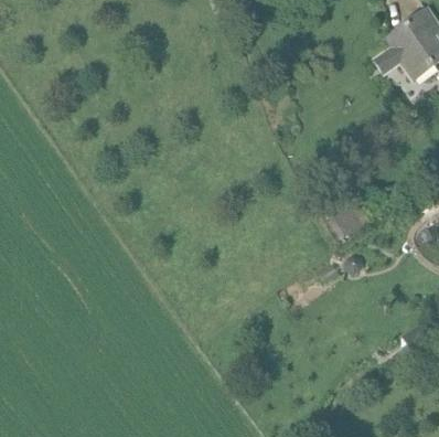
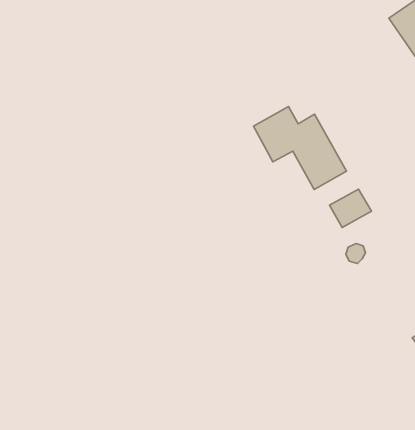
building: none -> [253,106,346,189]

